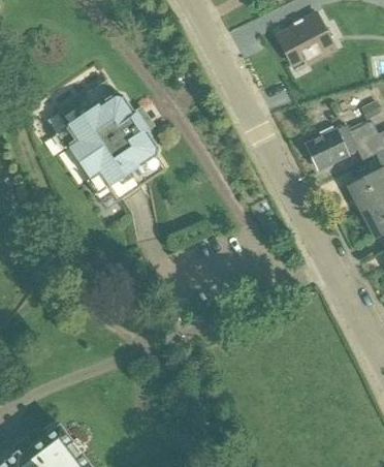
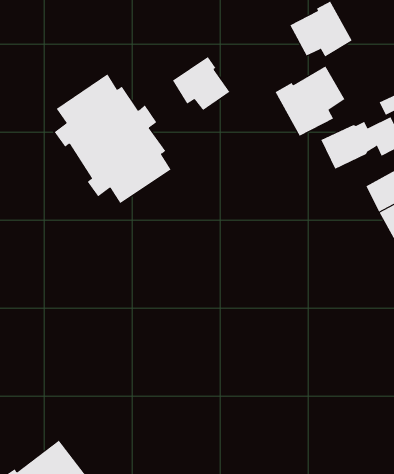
building: none -> [172,56,230,111]
building: none -> [275,65,345,137]

